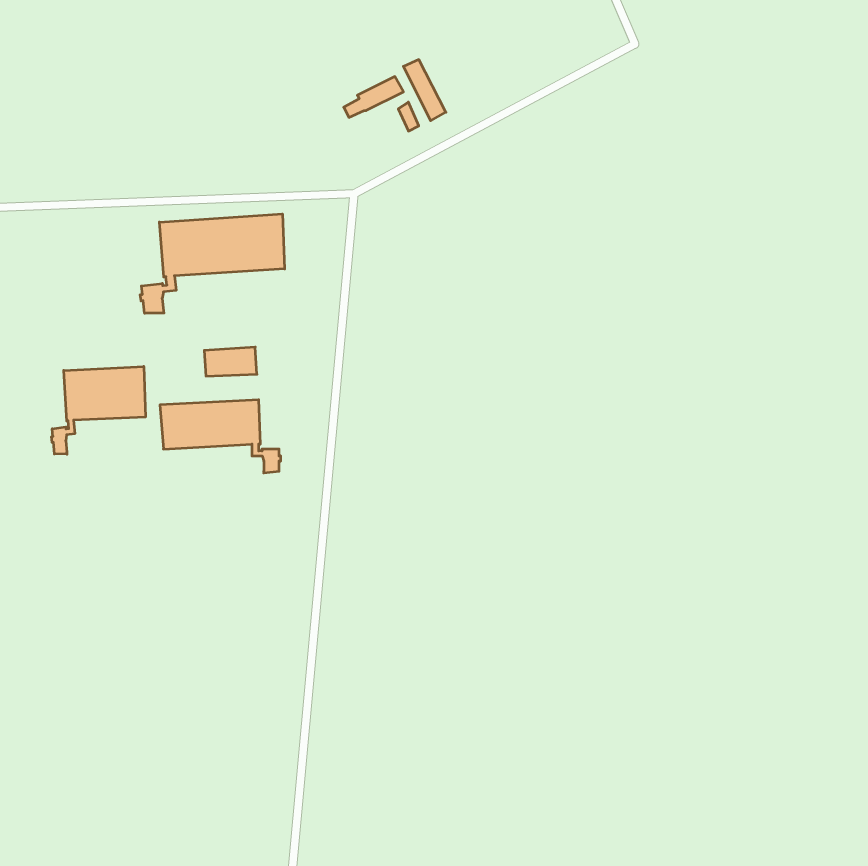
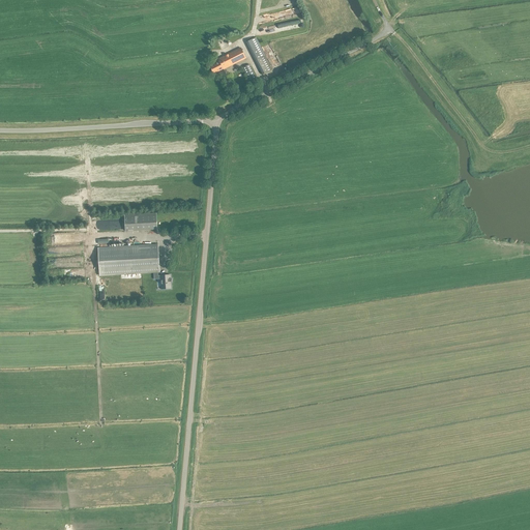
building: [140,214,285,313] -> none
building: [52,366,145,454] -> none

